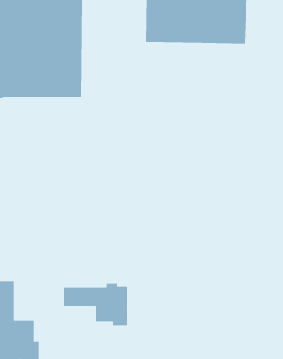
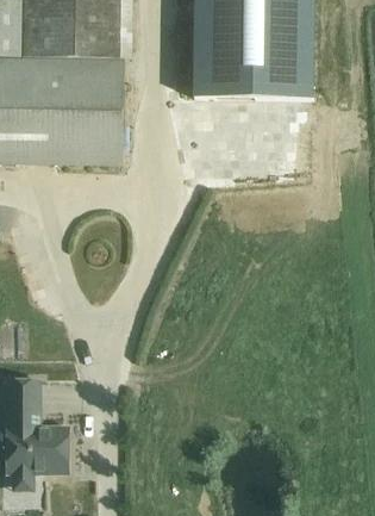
building: [64,283,127,326] -> none

